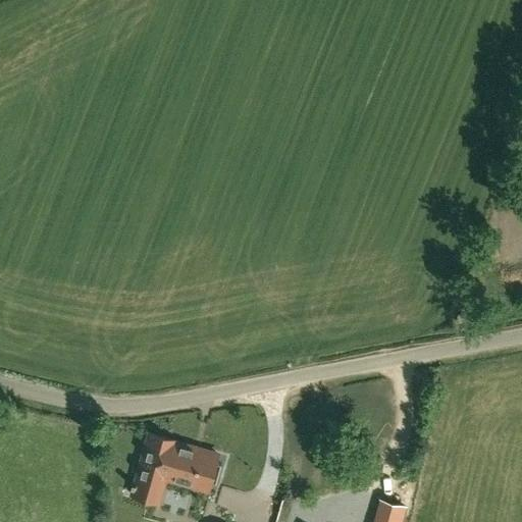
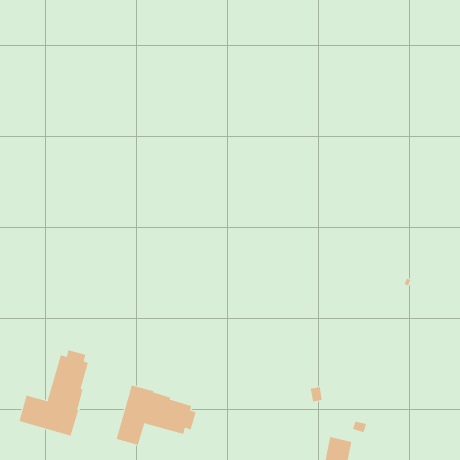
building: none -> [19,350,88,436]

